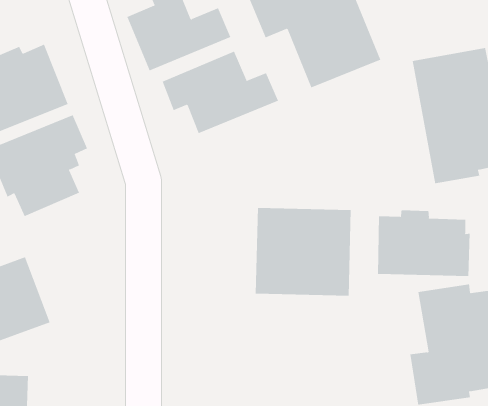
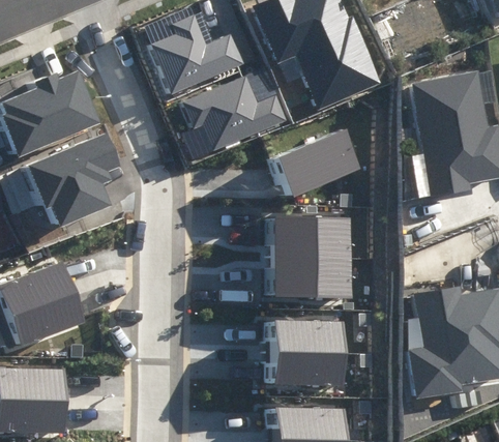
building: none -> [270,127,365,198]
building: [377,209,470,277] -> none
building: none -> [269,322,347,387]

